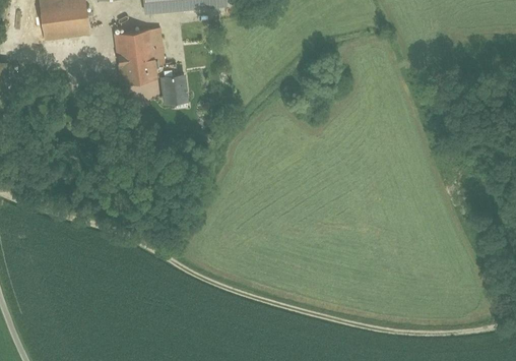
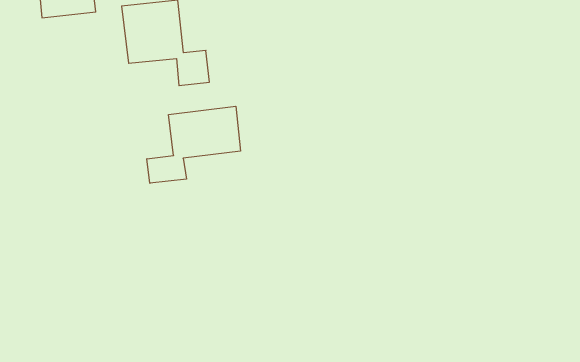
building: none -> [147,106,240,183]

